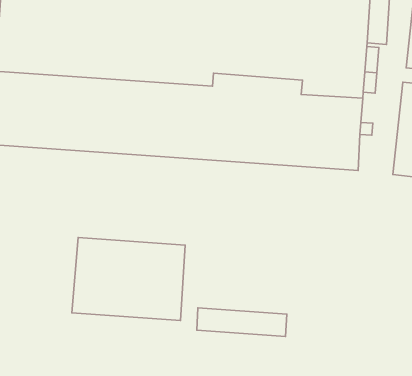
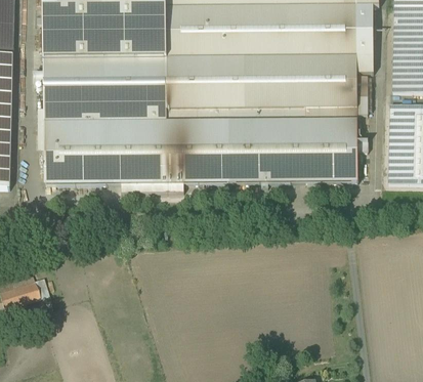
building: [72,237,185,320] -> none
building: [197,308,287,336] -> none

